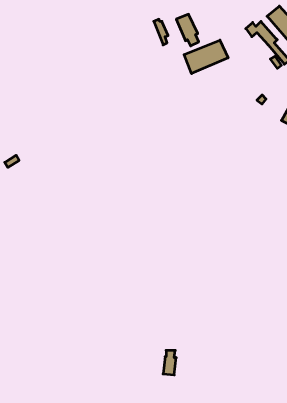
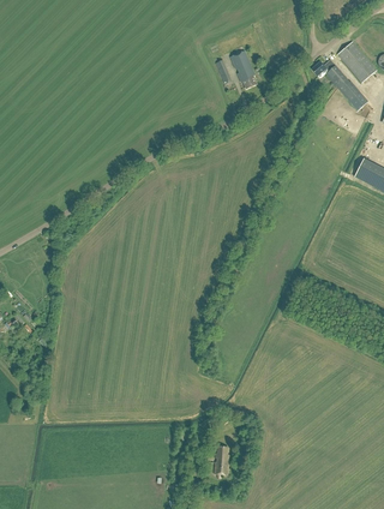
building: [184,40,228,74] -> none

